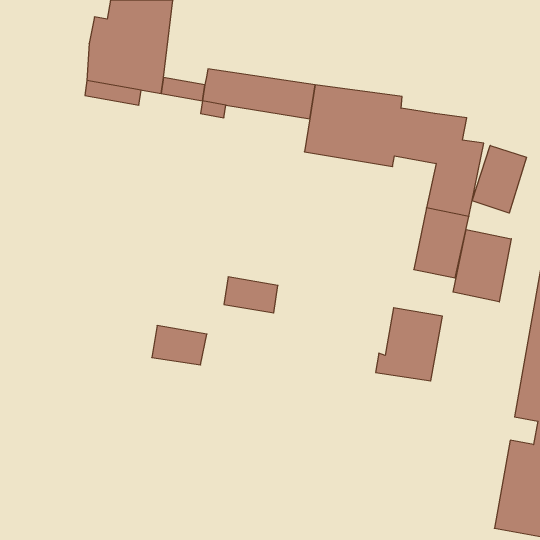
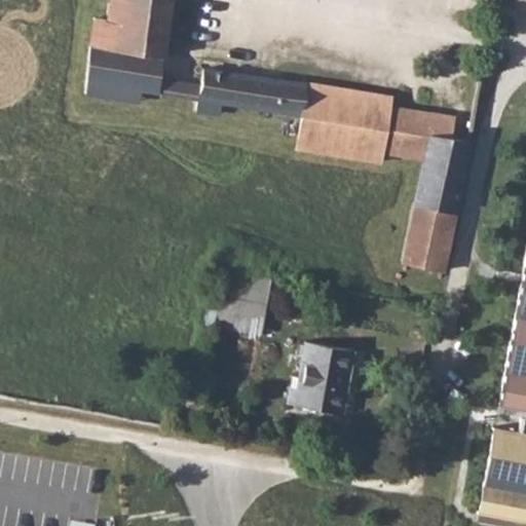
building: [472,145,527,213] -> none
building: [453,229,511,302] -> none
building: [376,308,442,381] -> [289,343,353,414]
building: [152,326,207,365] -> [214,297,267,335]

